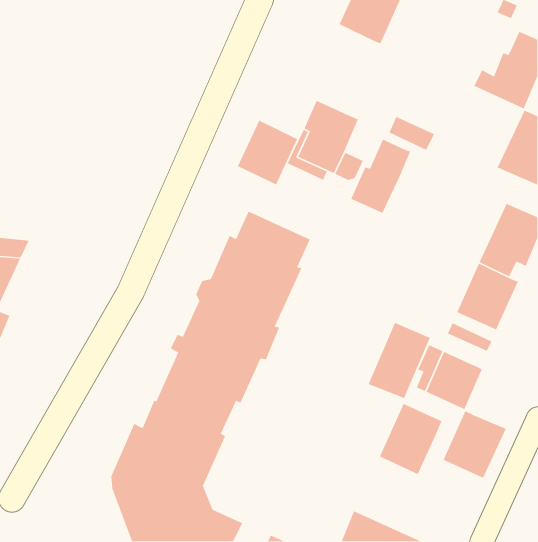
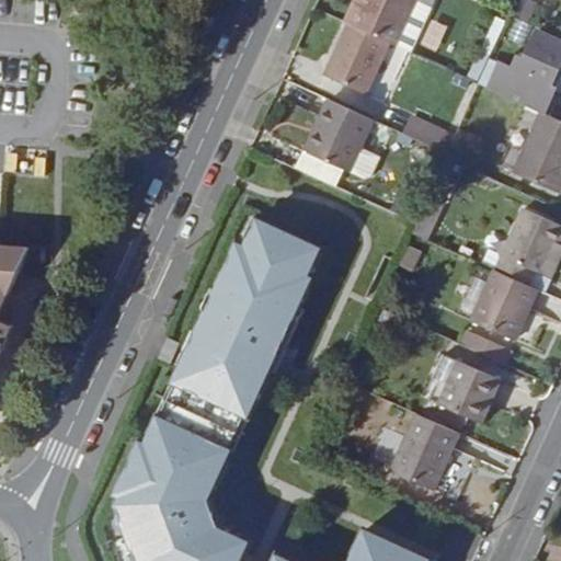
building: none -> [323,24,386,94]
building: [237,120,298,185] -> none
building: [350,139,411,214] -> none
building: [367,322,431,399] -> none
building: [442,410,507,479] -> none

